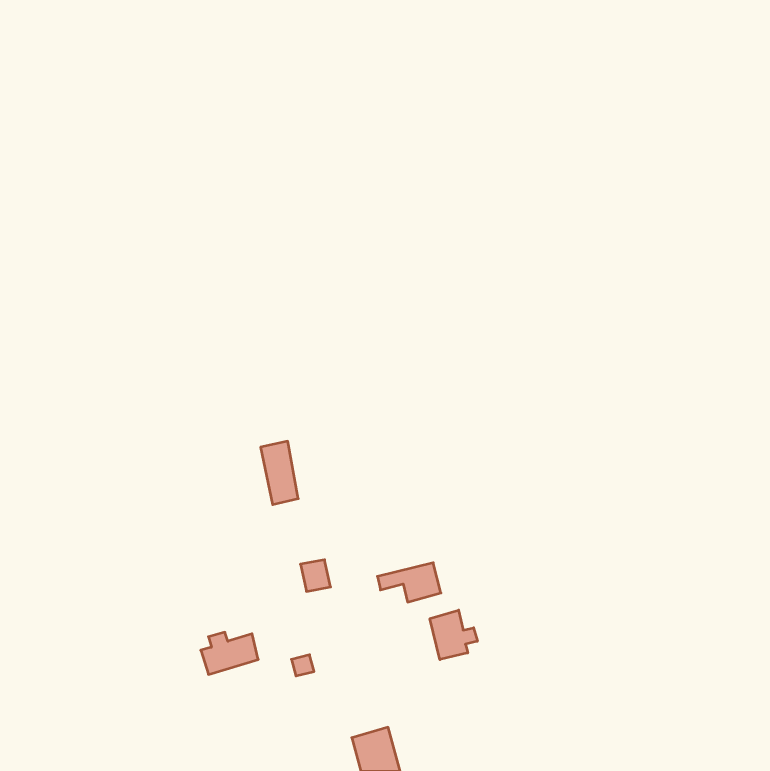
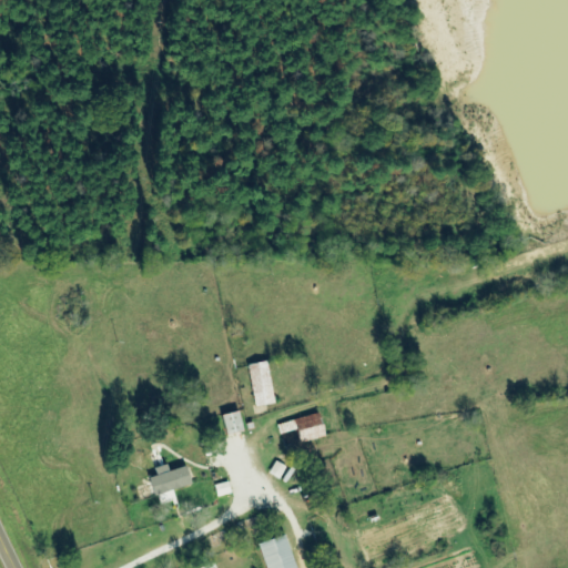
building: [261,441,298,505] -> [247,361,275,407]
building: [430,610,477,660] -> none

